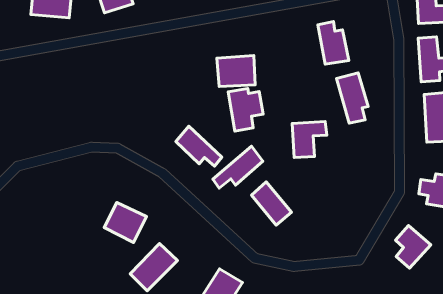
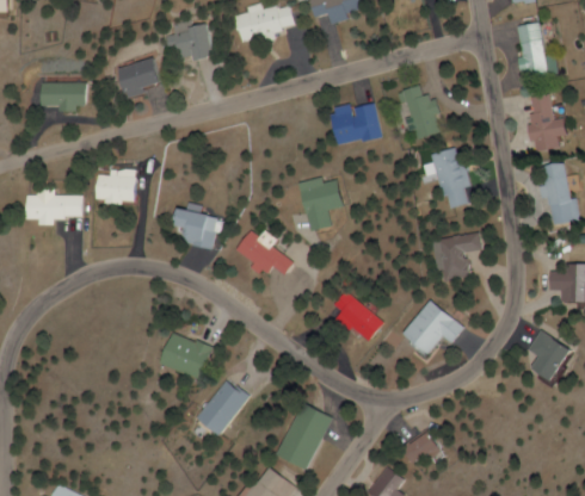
building: [217,56,255,87] -> [328,103,378,144]
building: none -> [105,169,137,205]
building: none -> [24,193,86,219]
building: none -> [172,209,222,250]
building: [292,122,327,158] -> [437,234,481,281]
building: [213,146,263,188] -> none
building: none -> [401,302,460,355]

